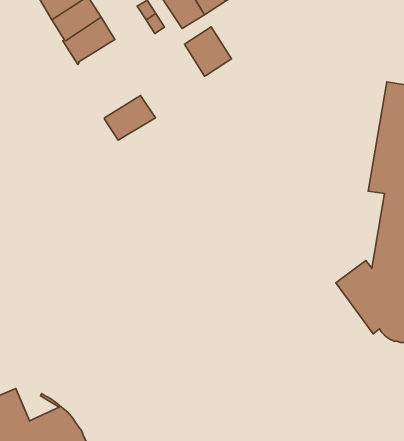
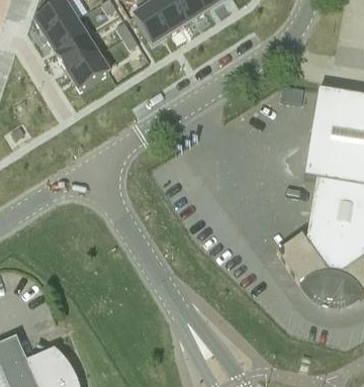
building: [184,27,231,76] -> none
building: [104,96,155,140] -> [69,52,110,88]

